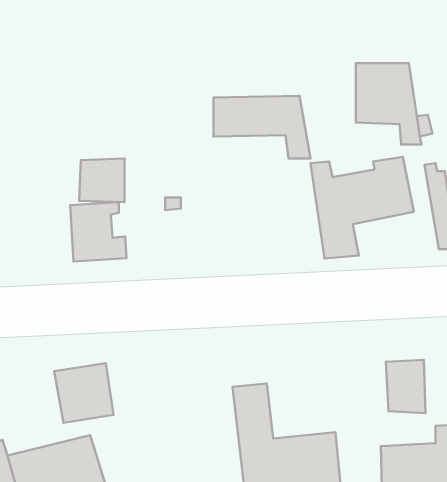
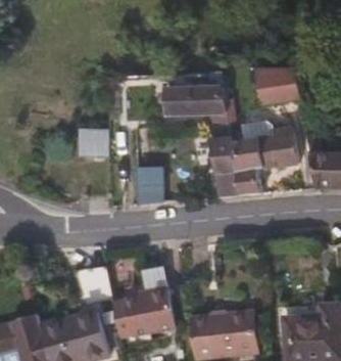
building: none -> [213,129,244,197]
building: [70,202,127,261] -> [140,166,177,205]
building: [386,360,425,413] -> none
building: none -> [108,266,170,335]

